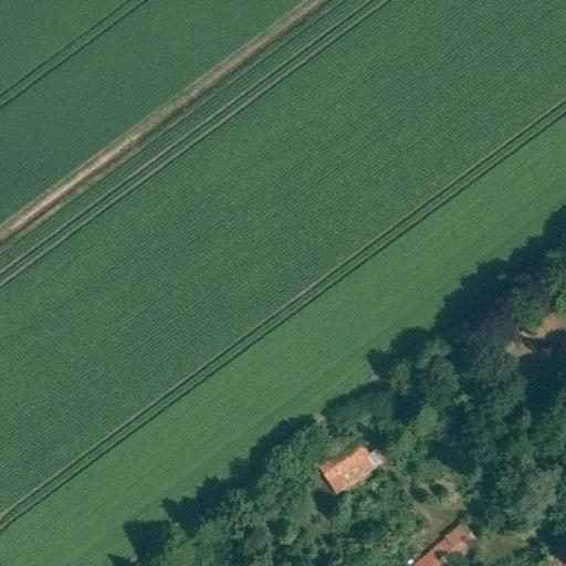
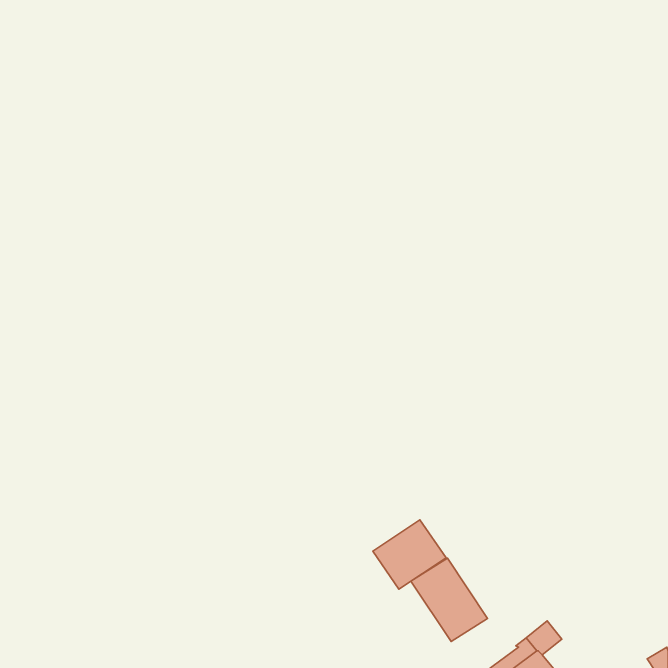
building: none -> [411,558,488,642]

